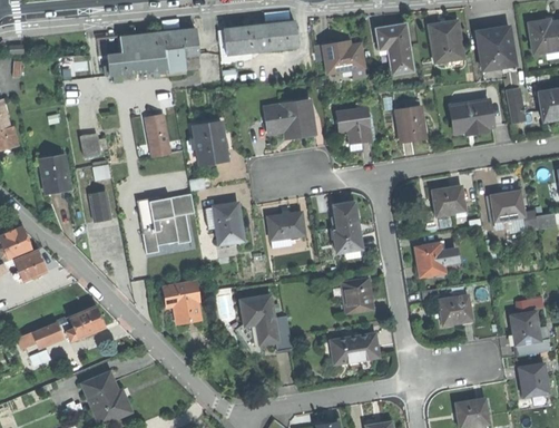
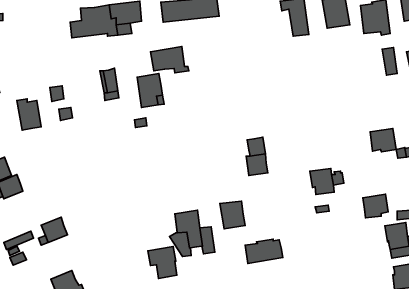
building: [324,42,365,78] -> none
building: [450,100,492,132] -> none
building: [264,101,313,135] -> [150,47,189,73]
building: [396,106,424,140] -> none
building: [335,107,371,143] -> none
building: [430,186,464,217] -> none
building: [88,191,110,221] -> none
building: [137,193,194,253] -> none
building: [205,203,243,243] -> none
building: [268,213,303,240] -> none
building: [340,278,372,313] -> [220,201,245,229]
building: [163,281,199,322] -> [148,246,177,279]
building: [439,295,471,325] -> [363,194,388,218]

